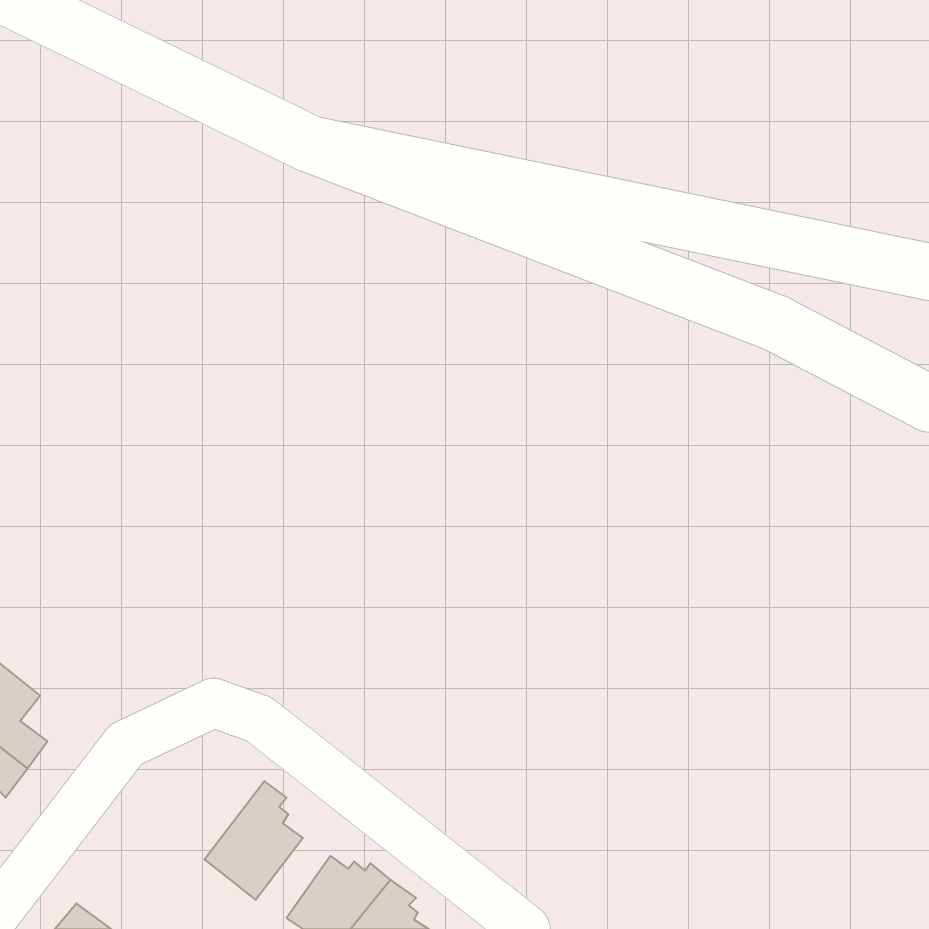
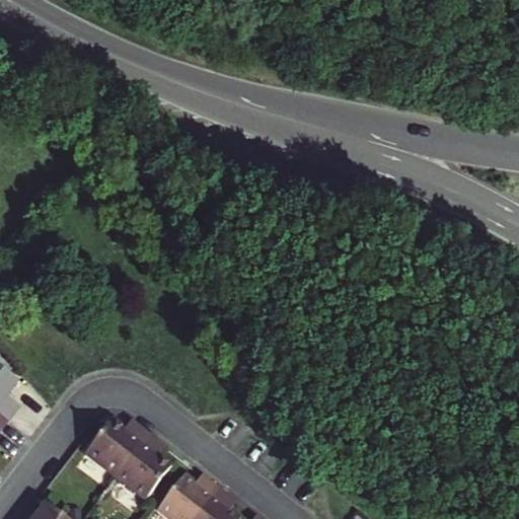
building: none -> [83,421,147,477]

